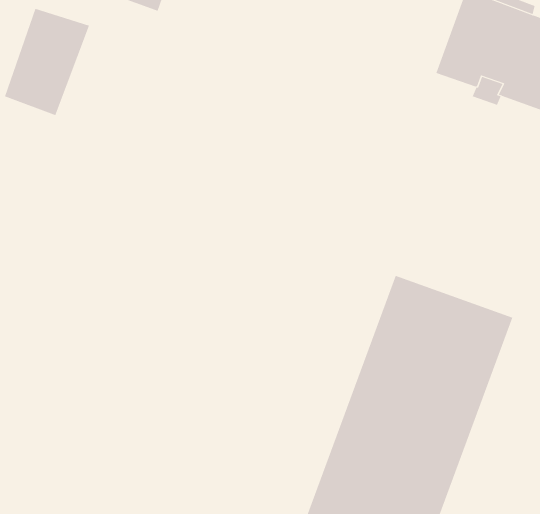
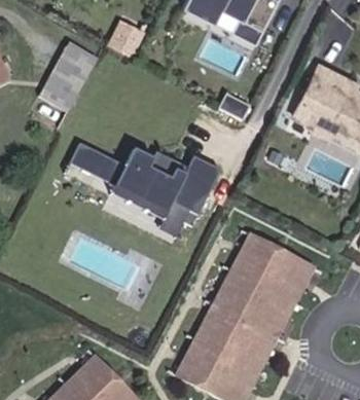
building: none -> [72,142,221,238]

